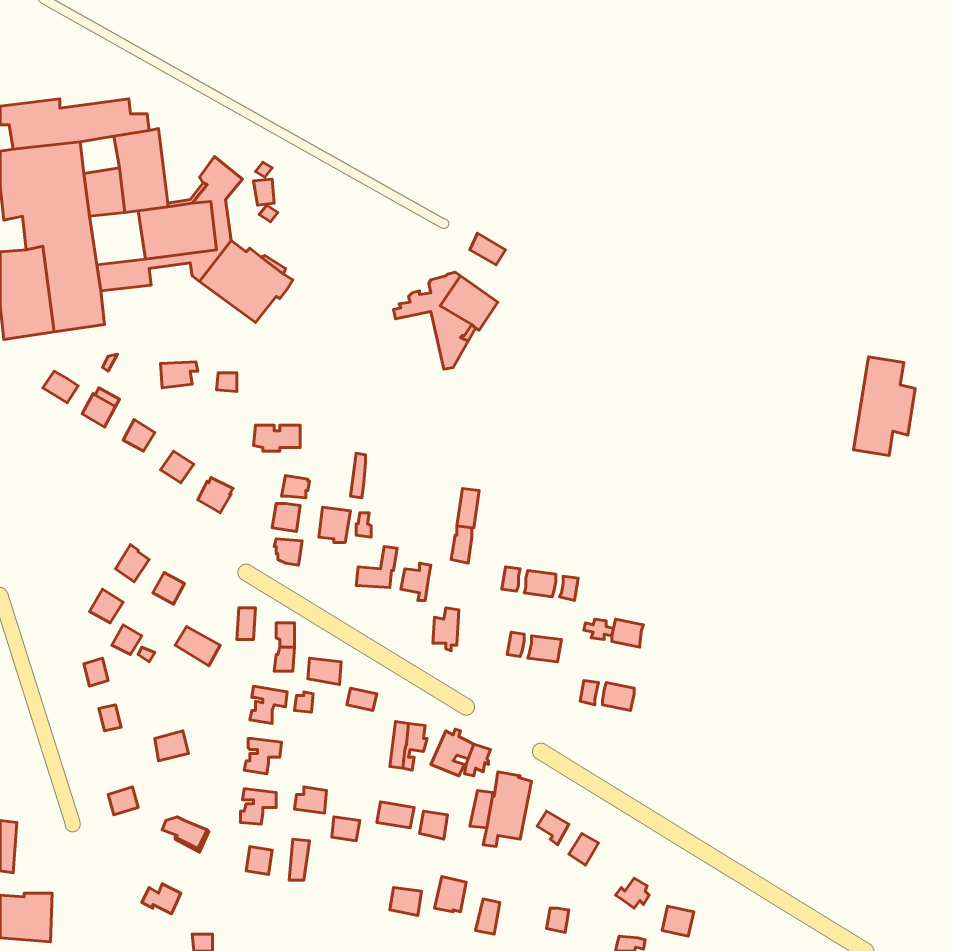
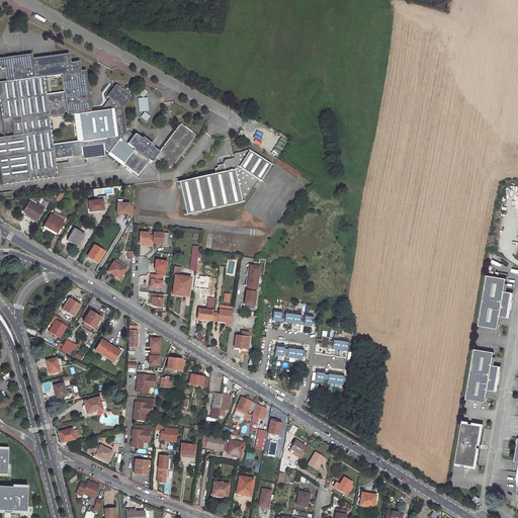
building: none -> [156,123,196,168]
building: none -> [178,169,241,214]
building: [854,357,915,456] -> [480,274,513,328]
building: none -> [466,348,500,403]
building: none -> [456,422,482,466]

